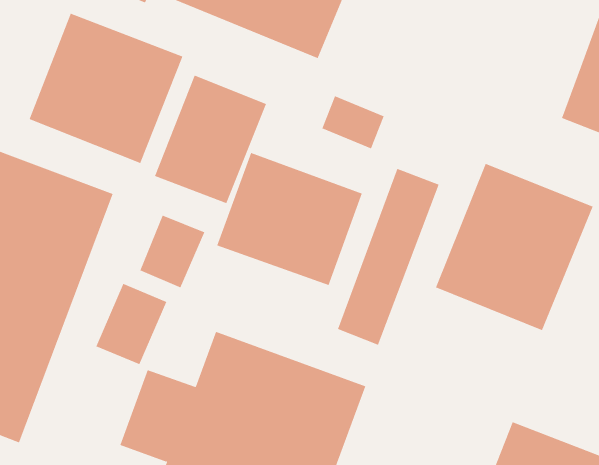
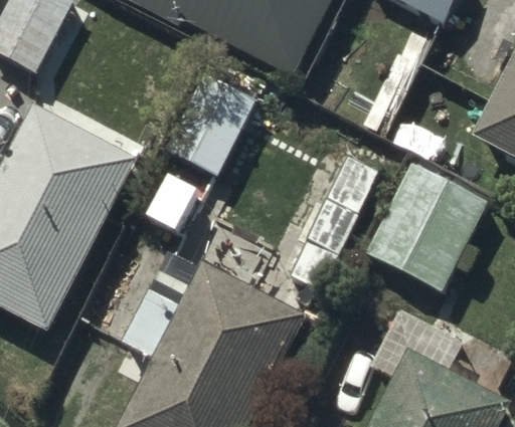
building: [29,13,183,164] -> none
building: [216,152,363,286] -> none

